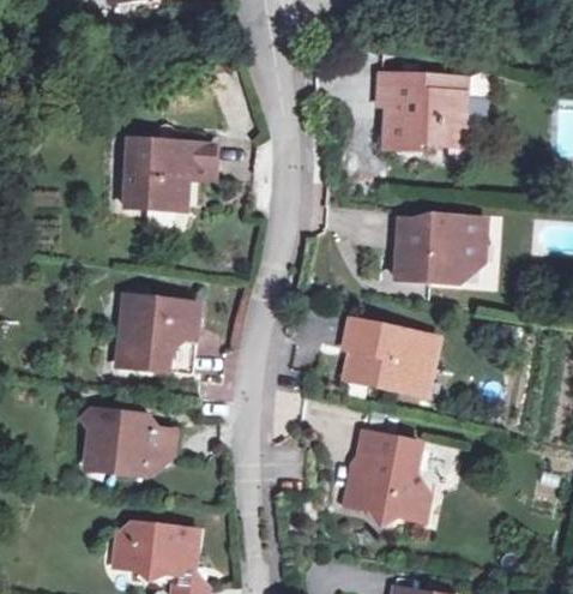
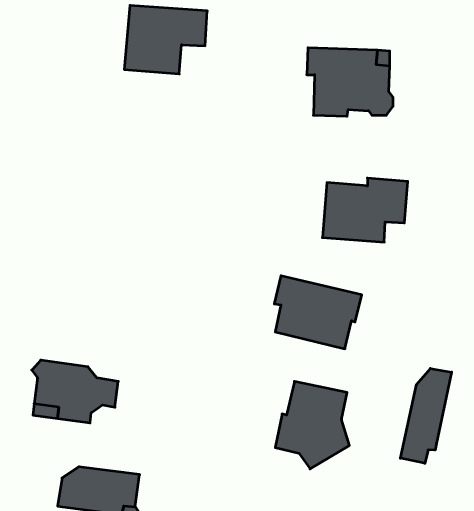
building: [126,137,215,210] -> [124,5,207,74]
building: [116,296,200,373] -> none
building: none -> [400,368,452,463]

